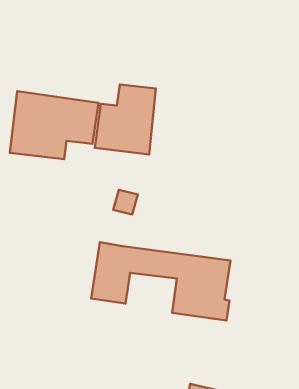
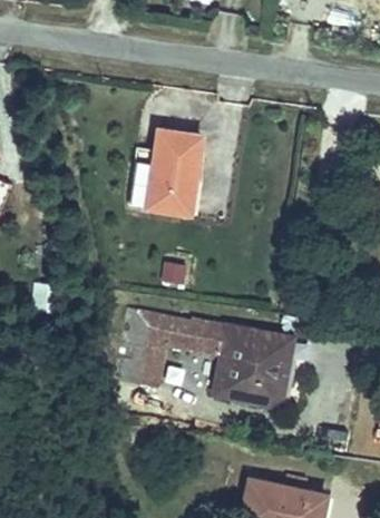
building: [10,91,98,159] -> none

